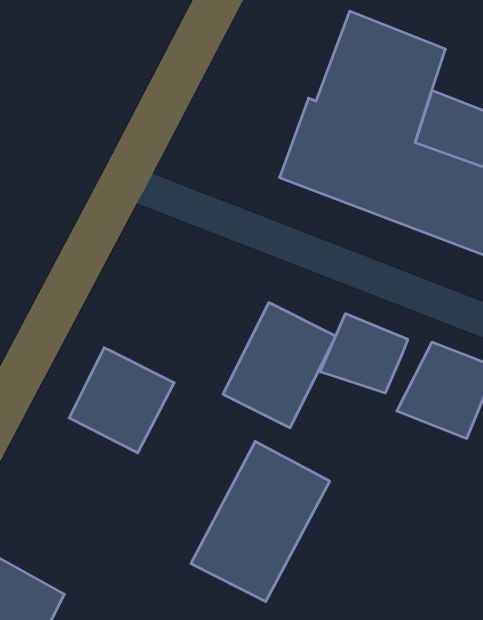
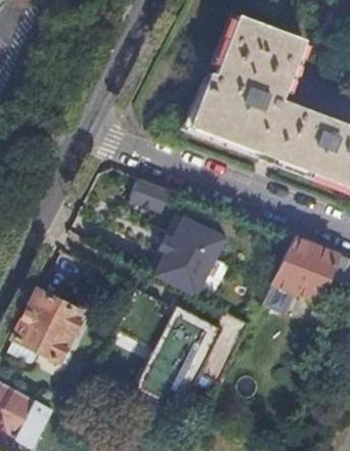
building: none -> [130,179,176,213]
building: [320,314,408,393] -> none
building: [69,348,174,453] -> [12,291,83,362]

